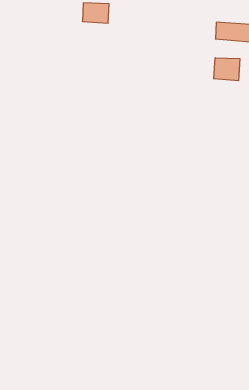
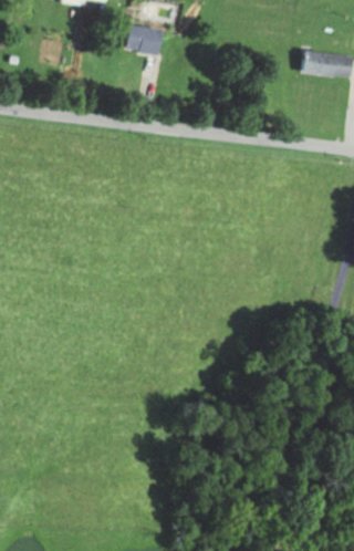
building: [214,58,240,81] -> none

